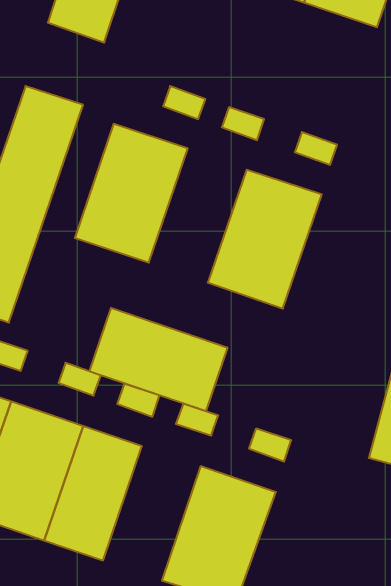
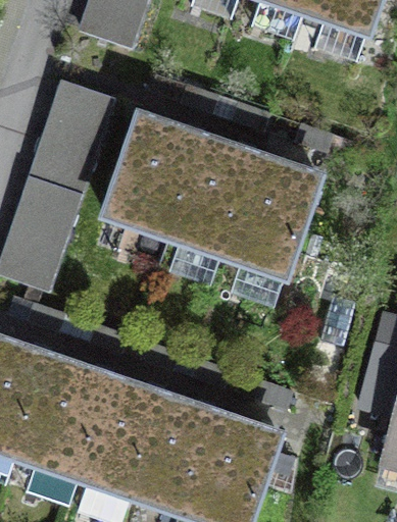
building: none -> [169,138,254,254]
building: [89,308,227,411] -> none
building: none -> [130,396,214,512]

